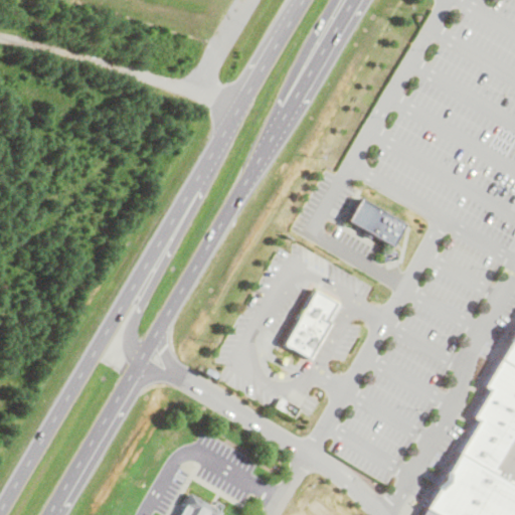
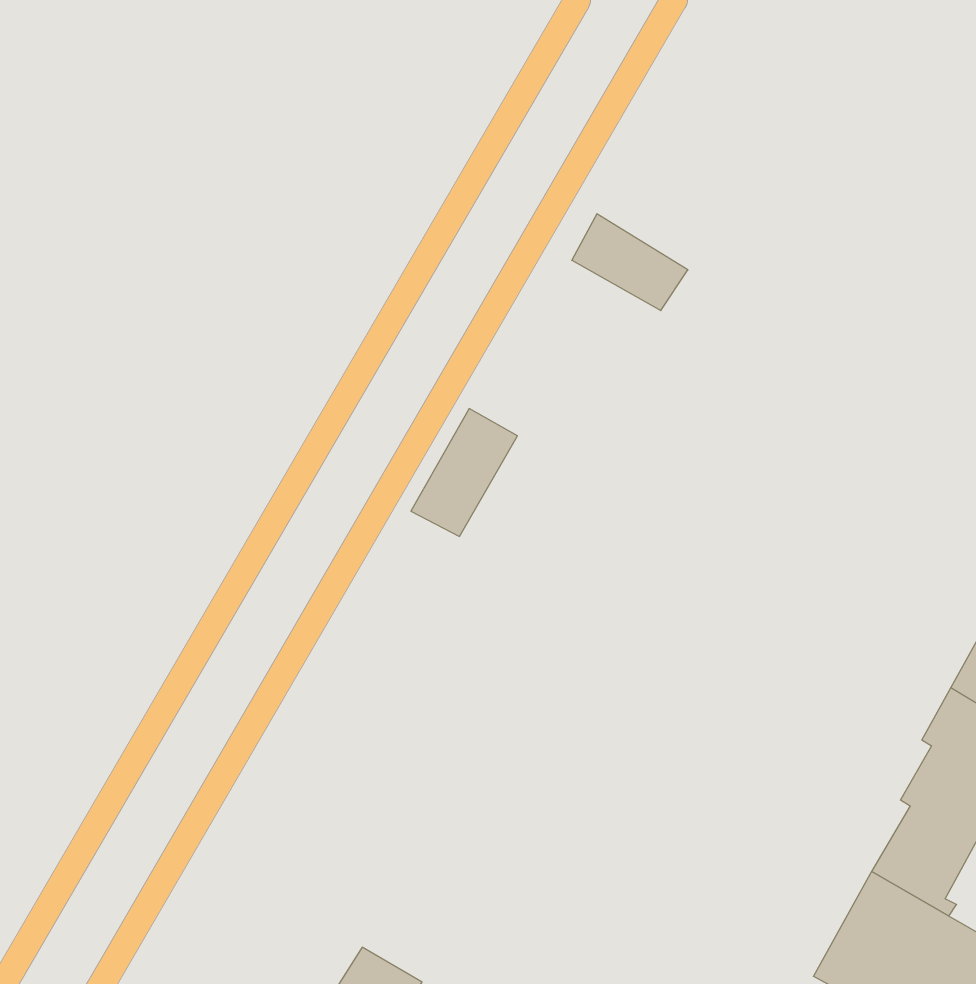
building: [350,197,410,247] -> [572,214,688,311]
building: [286,292,341,358] -> [411,409,517,536]

